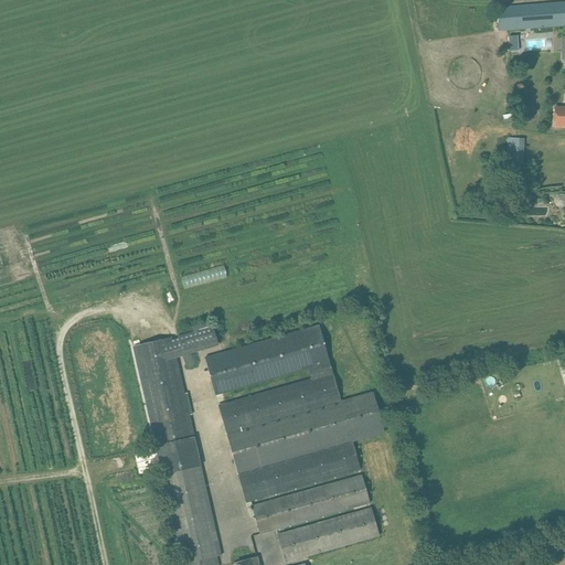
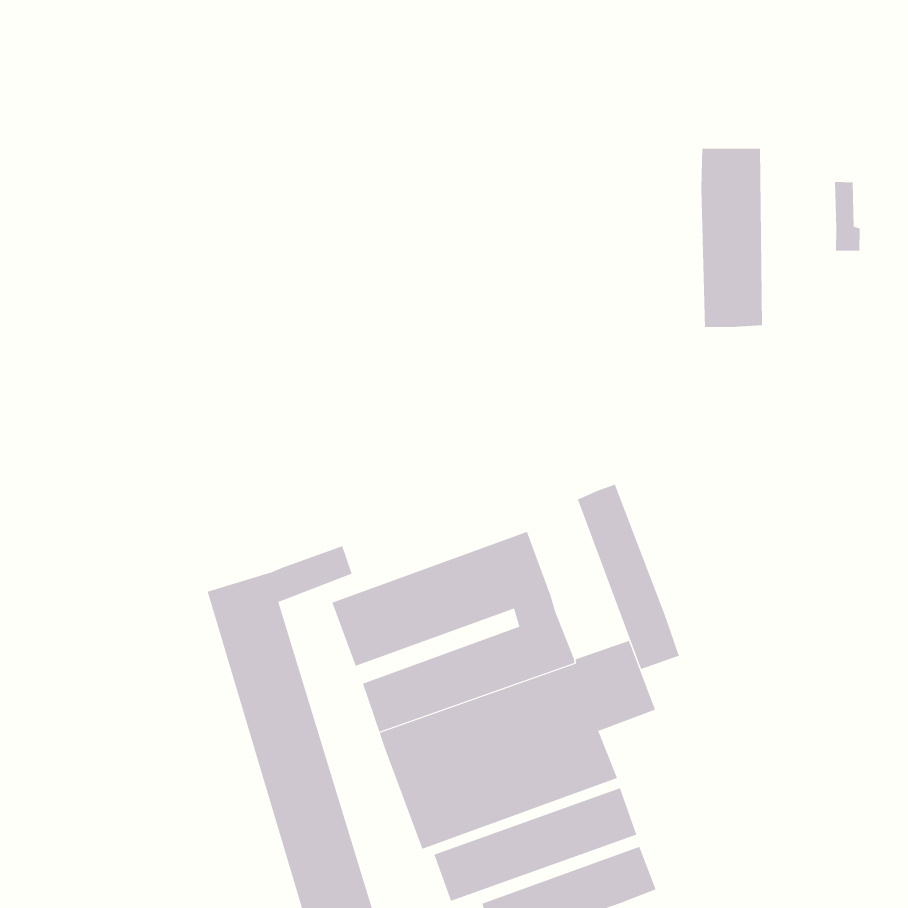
building: none -> [701,148,763,328]
building: none -> [577,484,680,670]

